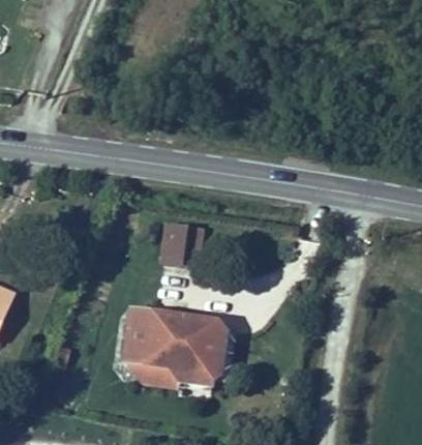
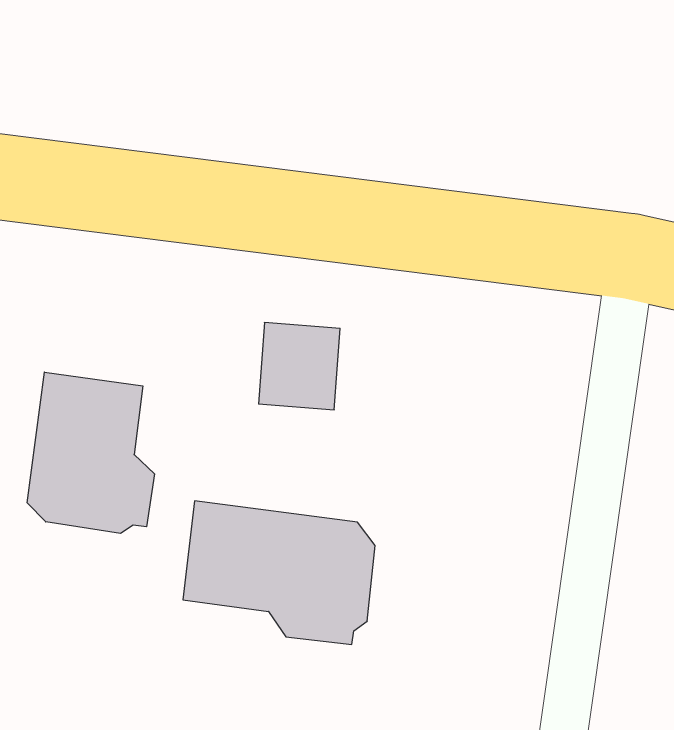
building: none -> [27,372,154,533]

